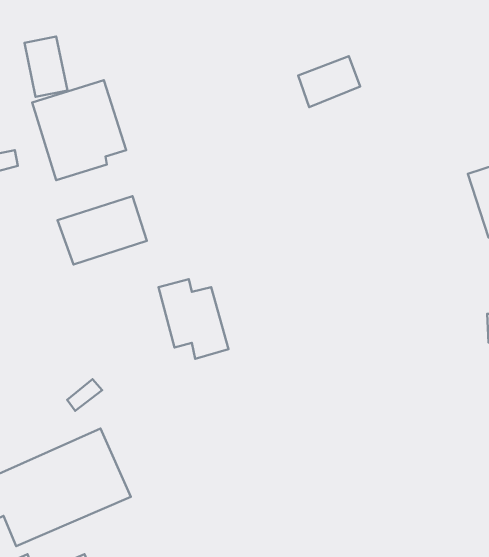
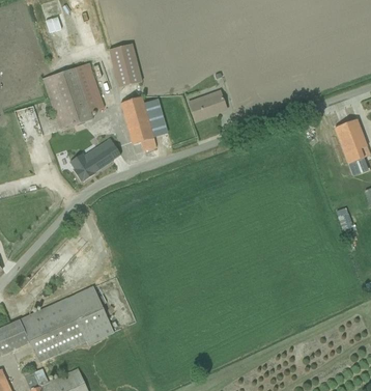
building: [24,36,67,97] -> [111,50,139,89]
building: [298,56,360,107] -> [187,90,227,123]
building: [159,279,229,359] -> [122,99,168,150]

